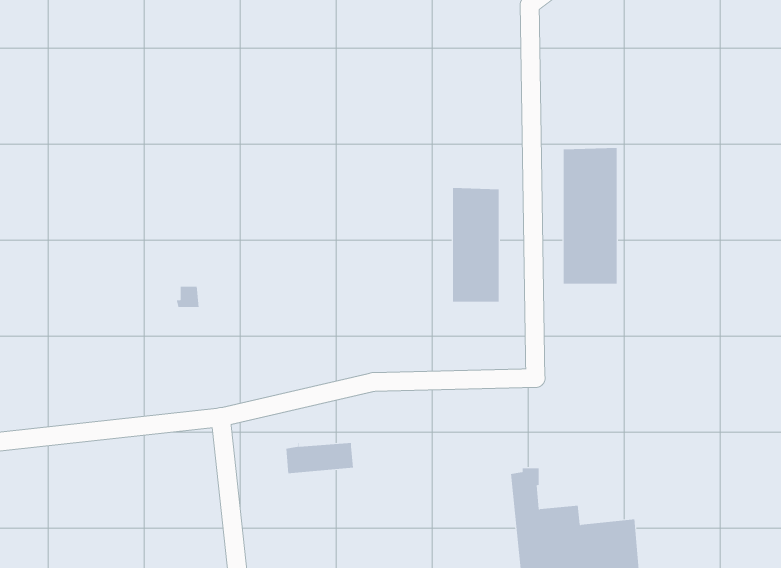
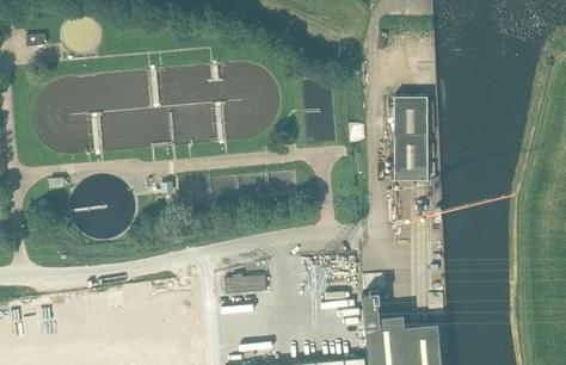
building: [452,187,499,303] -> none

